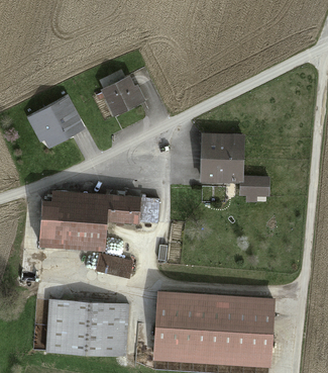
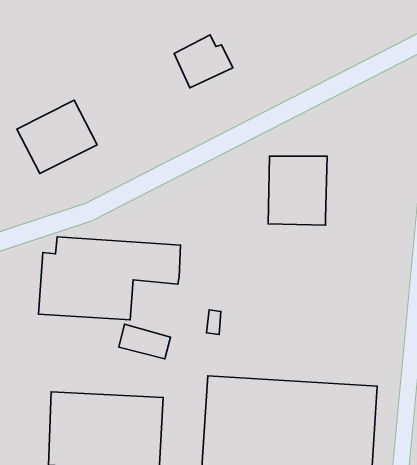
building: [103,78,144,115] -> [174,35,233,88]
building: [242,178,268,201] -> none
building: [139,197,157,220] -> none

